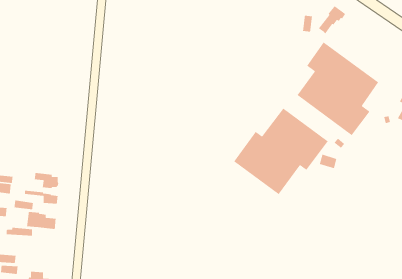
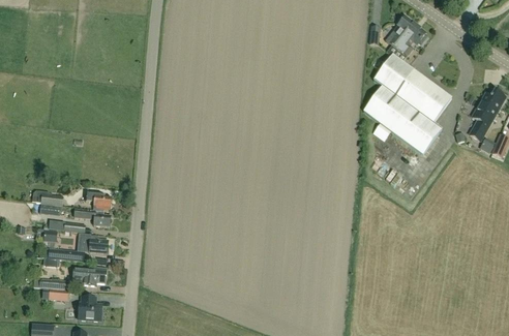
building: none -> [387,25,427,56]
building: [233,107,329,195] -> none
building: none -> [72,266,107,285]

